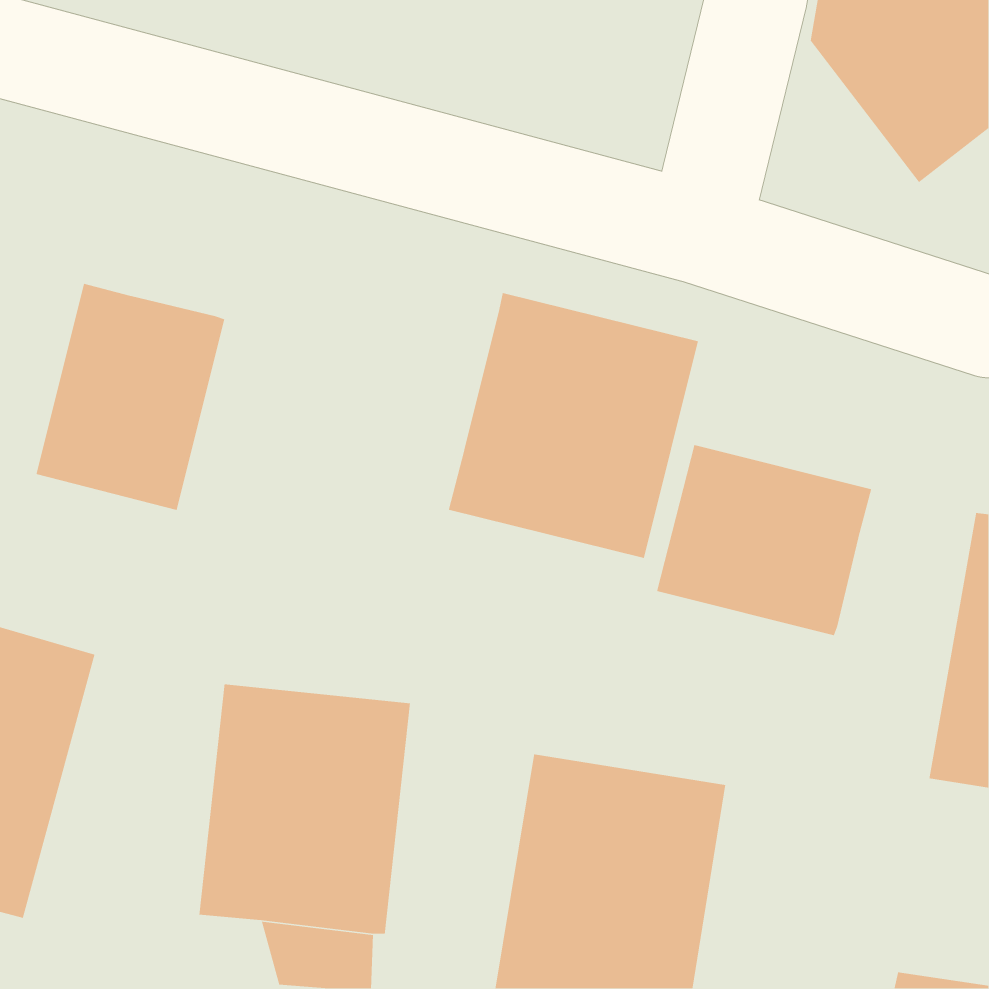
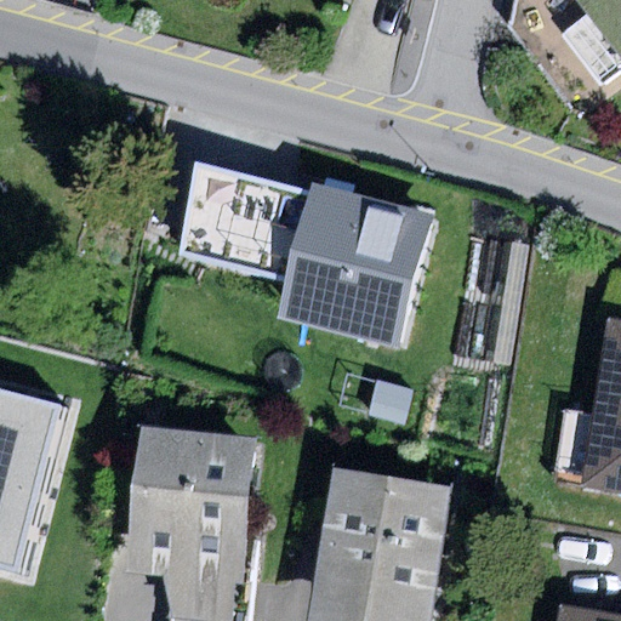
building: none -> [180,160,310,280]
building: [36,283,225,511] -> none
building: [656,444,872,636] -> none

